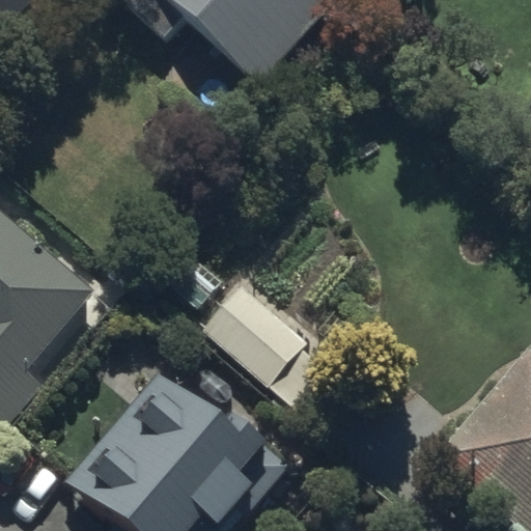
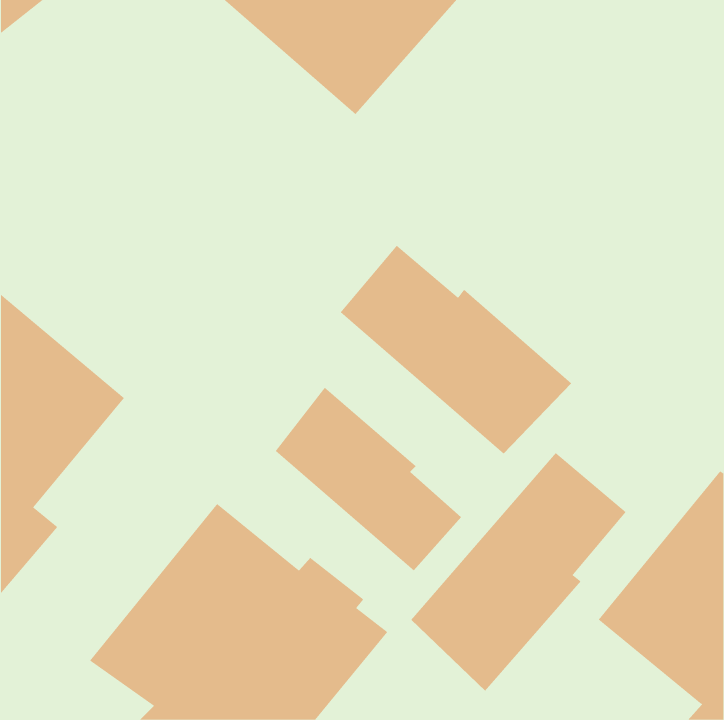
building: none -> [340,245,572,454]
building: none -> [411,452,627,692]

